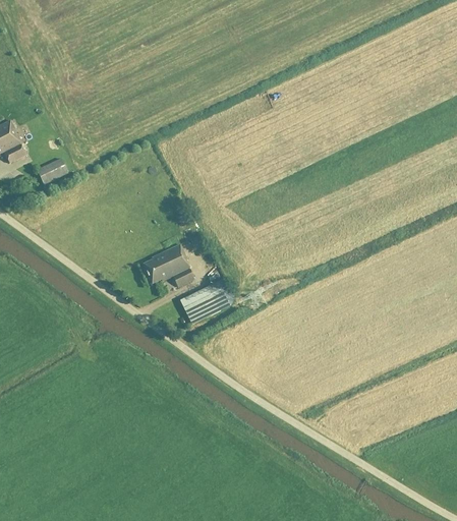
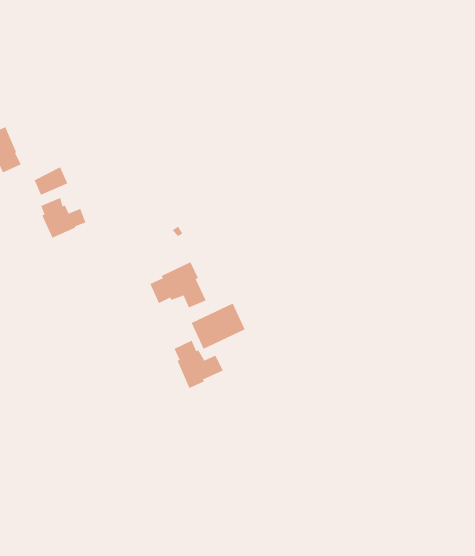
building: none -> [41,197,86,239]
building: none -> [174,340,223,389]

